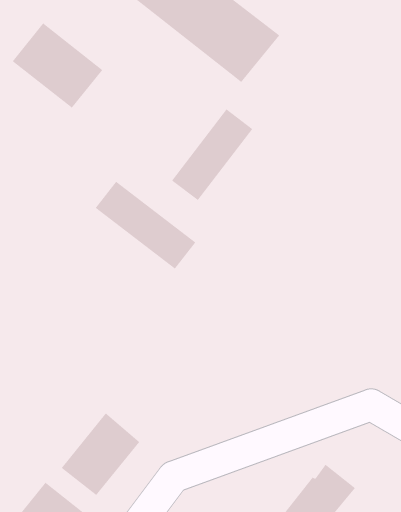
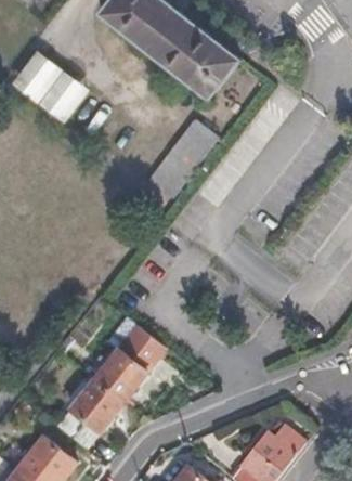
building: [95,181,196,270] -> none
building: none -> [92,324,165,403]

